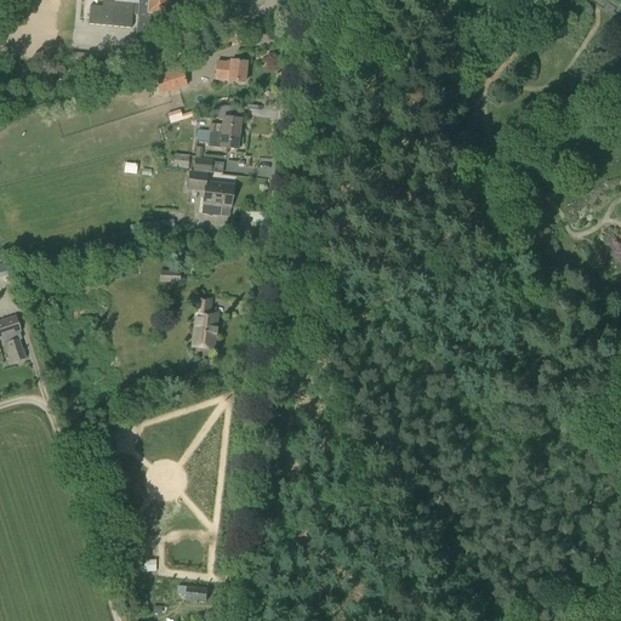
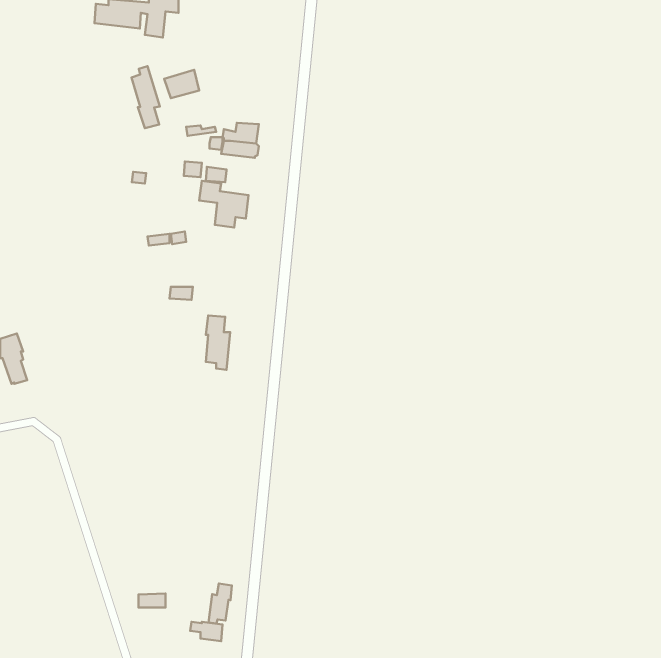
building: [216,59,246,81] -> none
building: none -> [131,66,160,128]
building: none -> [208,583,232,623]

